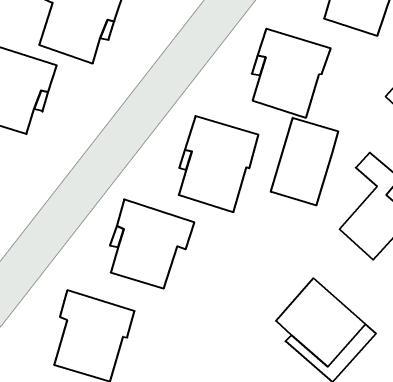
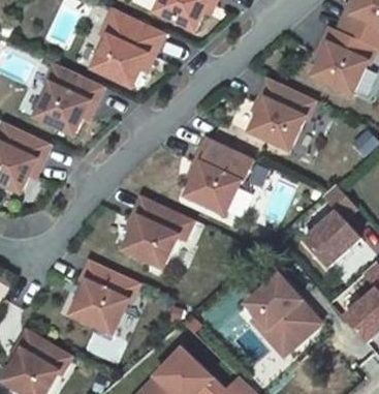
building: [271,118,338,205] -> none

